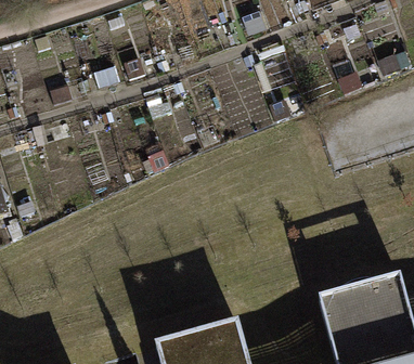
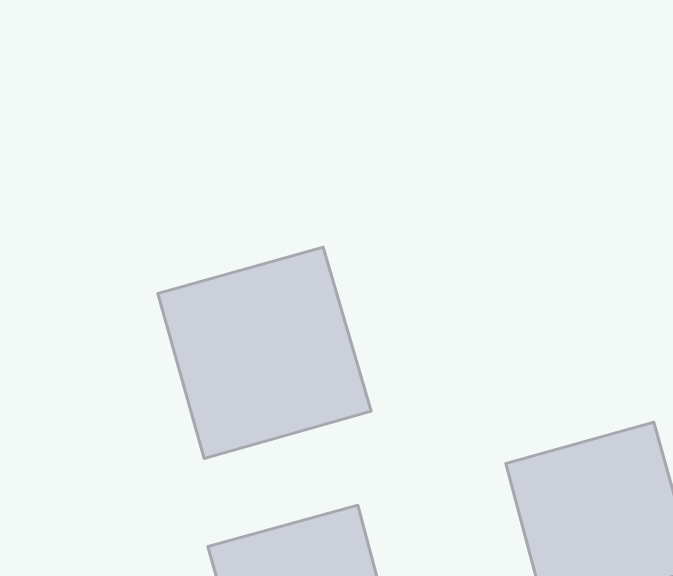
building: none -> [158,247,371,459]

